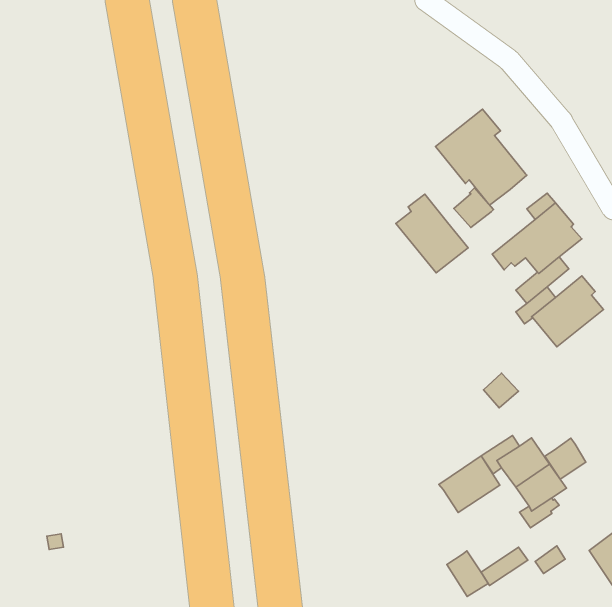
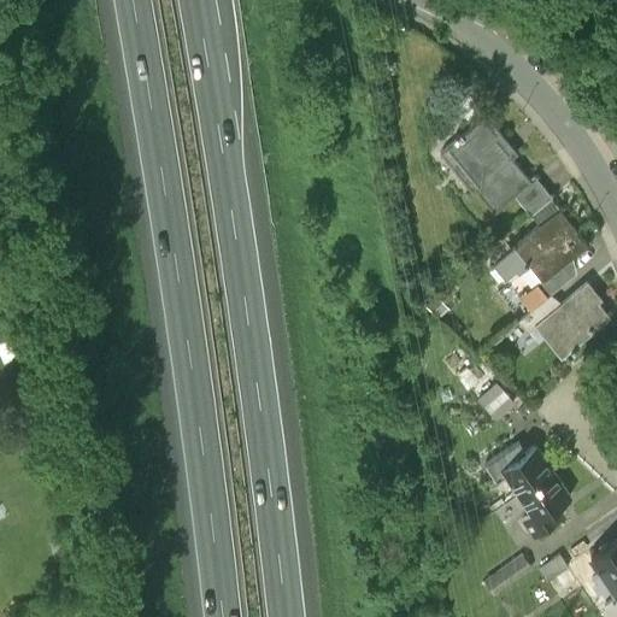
building: [454,188,494,228] -> [513,176,553,216]
building: [396,194,468,273] -> none
building: [545,438,586,479] -> none
building: [439,456,500,513] -> none
building: [447,551,488,596] -> none

